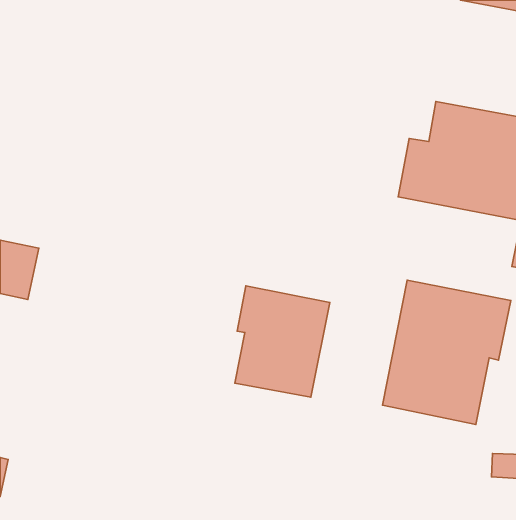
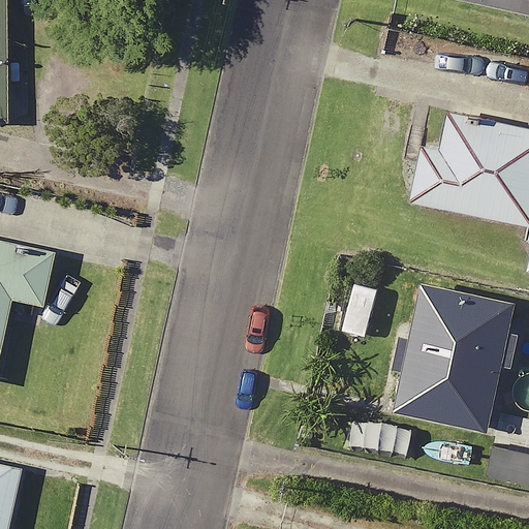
building: [235,286,330,397] -> none

